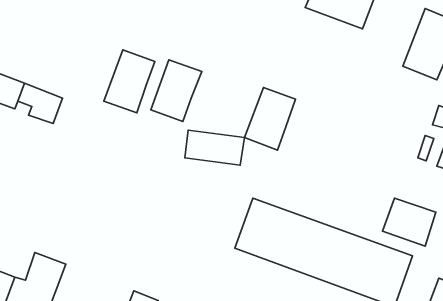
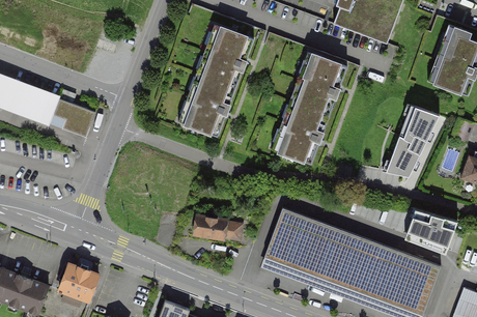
building: none -> [291,53,341,113]
building: [104,50,155,113] -> [199,25,249,86]
building: none -> [381,99,440,177]
building: [185,130,244,165] -> [193,209,251,243]

